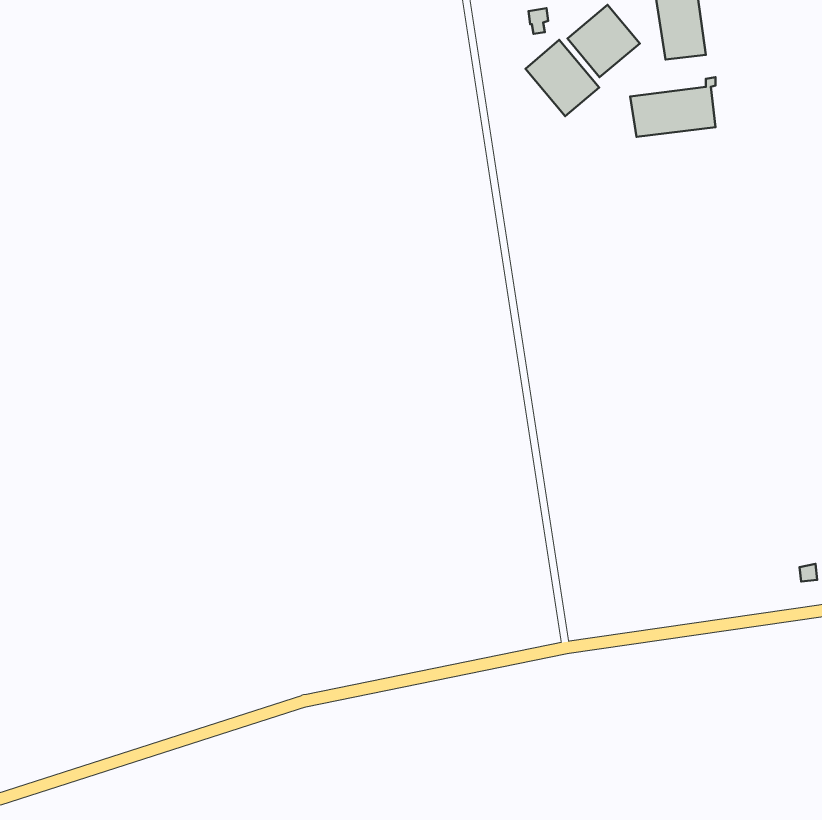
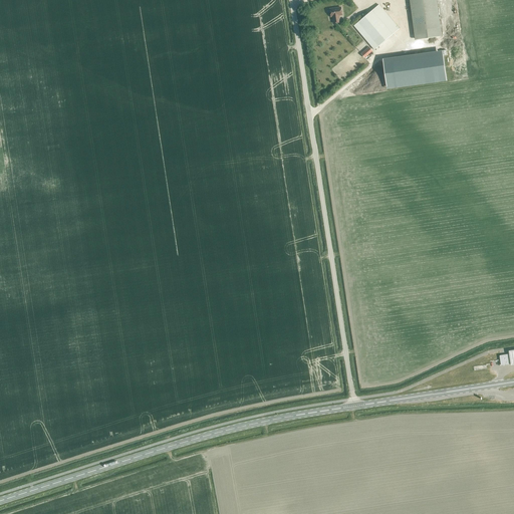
building: [525,40,599,116] -> none

